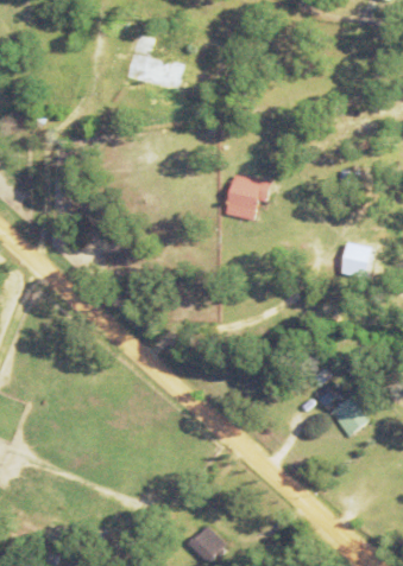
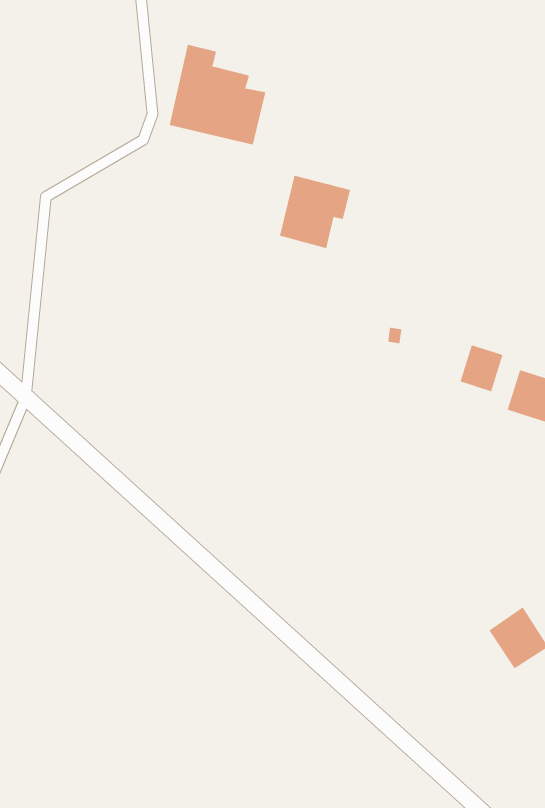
building: [226,173,272,221] -> [279,175,351,249]
building: none -> [460,345,503,392]

